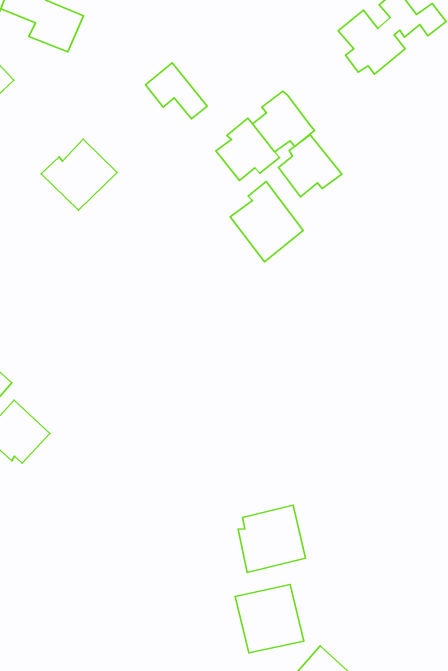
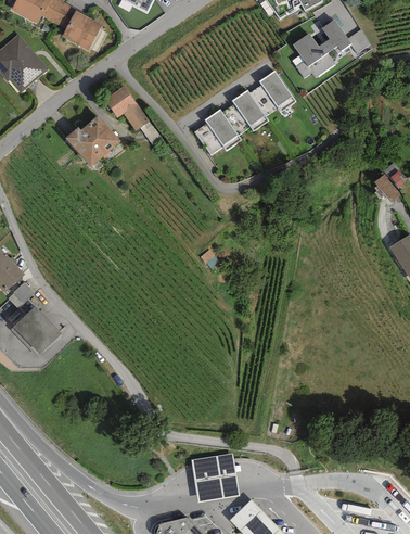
building: [146,63,207,119] -> [103,86,148,128]
building: [278,135,342,197] -> [249,68,296,114]
building: [230,182,303,262] -> none
building: [238,505,306,572] -> none

